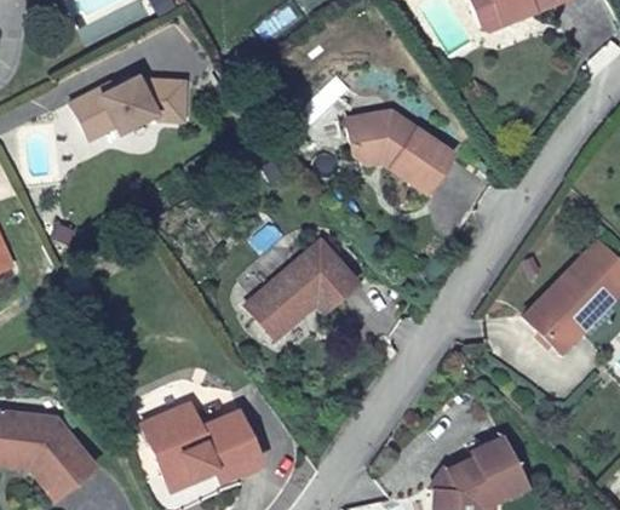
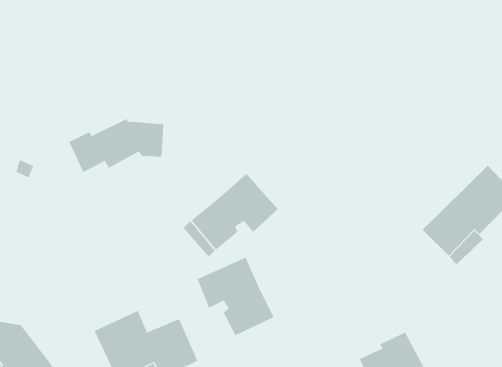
building: [68,75,180,139] -> [68,118,164,173]
building: [351,109,458,191] -> none
building: none -> [197,257,274,336]

